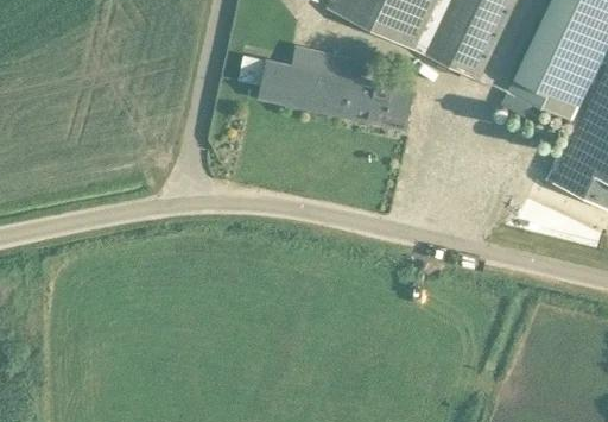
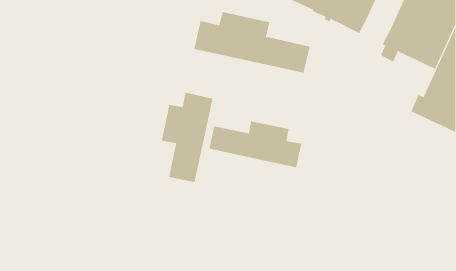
building: none -> [161,92,213,183]
building: none -> [209,120,302,168]

